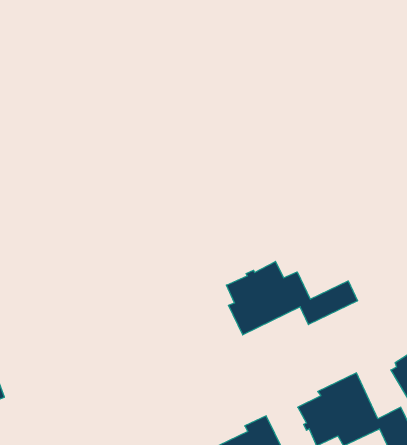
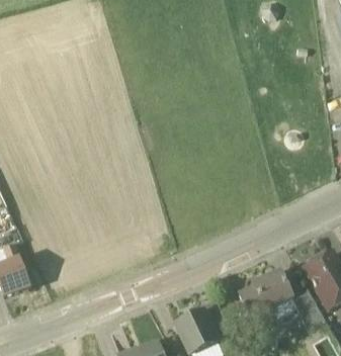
building: [226,261,357,335] -> none

